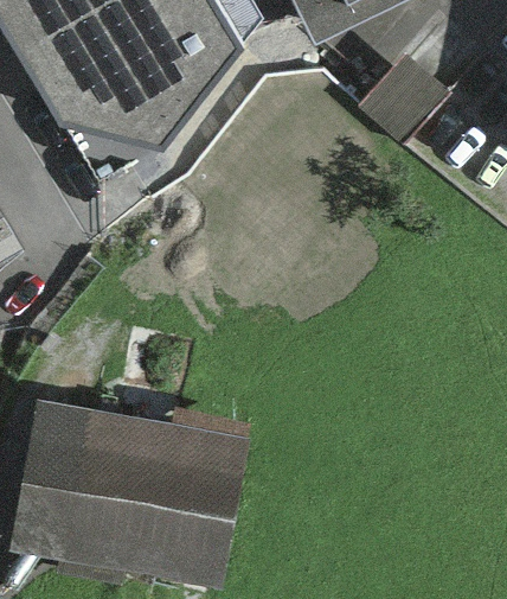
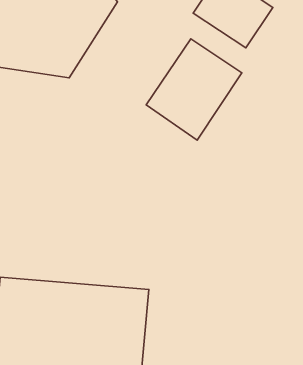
building: none -> [146,39,242,140]

